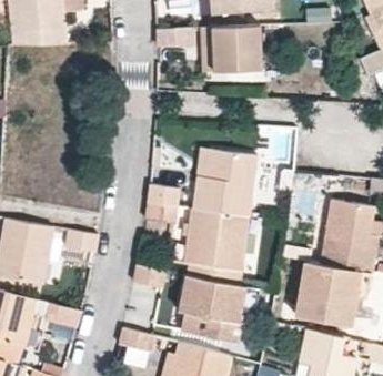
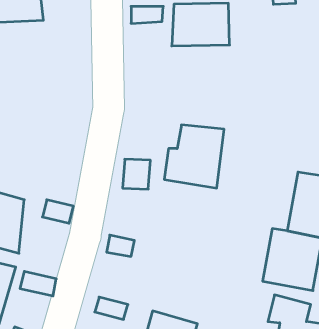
building: [183,207,246,270] -> none
building: [175,274,244,337] -> none

